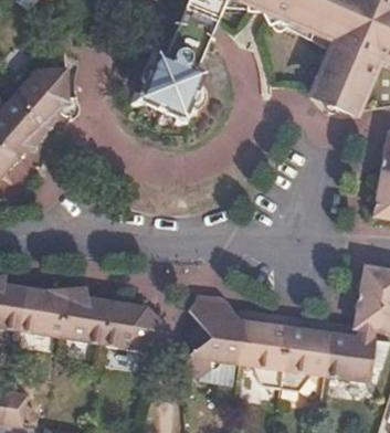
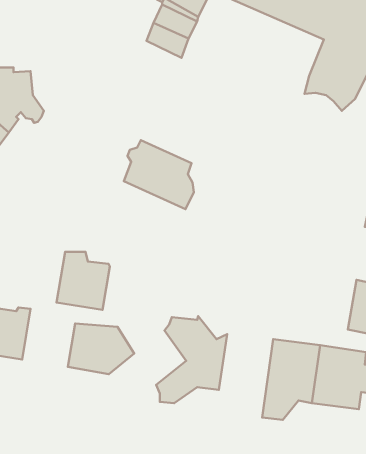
building: [144,53,208,116] -> [124,140,194,209]
building: [59,289,107,342] -> [57,252,110,310]
building: [239,311,288,389] -> none

